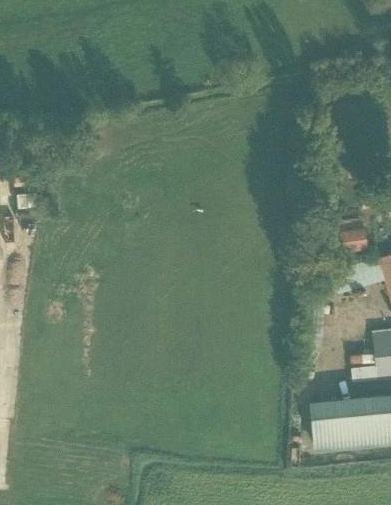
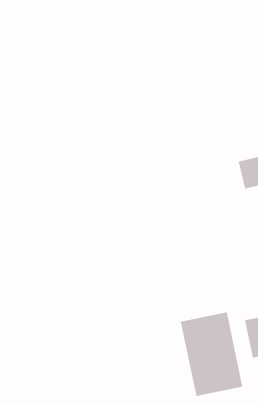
building: none -> [180,312,243,397]

